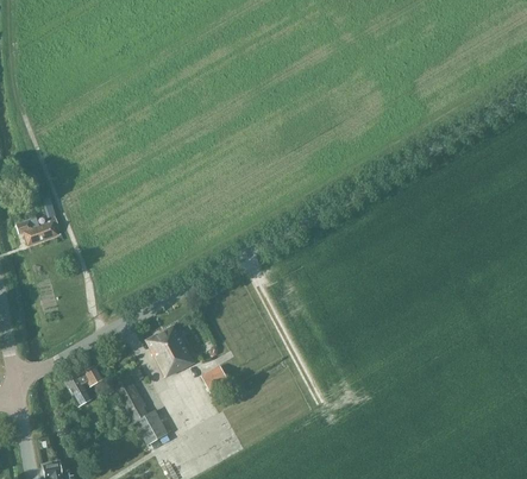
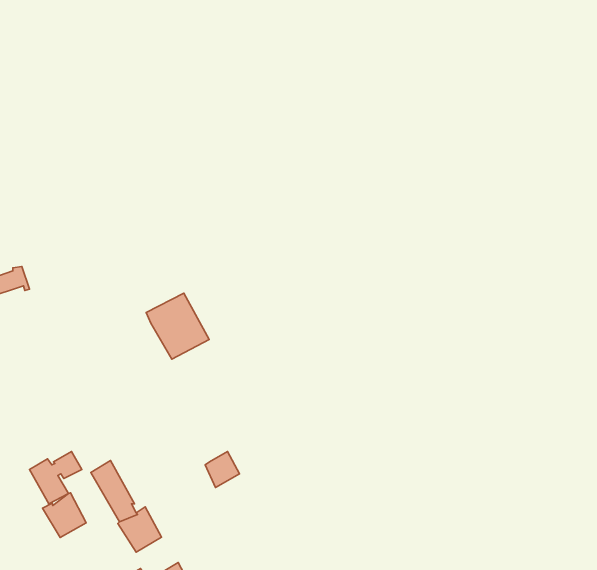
building: [144,324,194,377] -> [146,293,209,359]
building: none -> [42,493,86,537]

